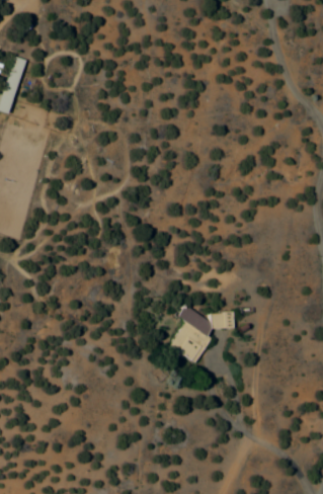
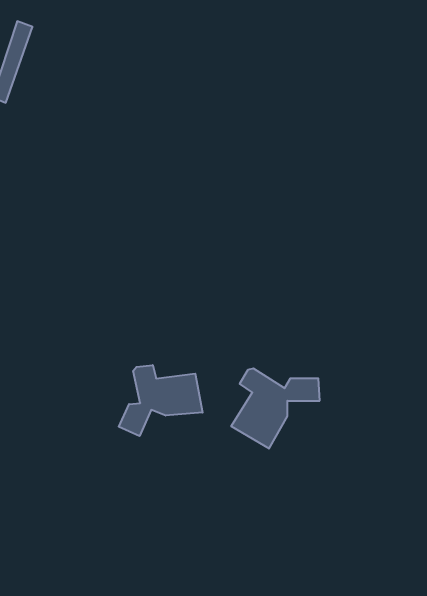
building: none -> [119,365,203,436]

